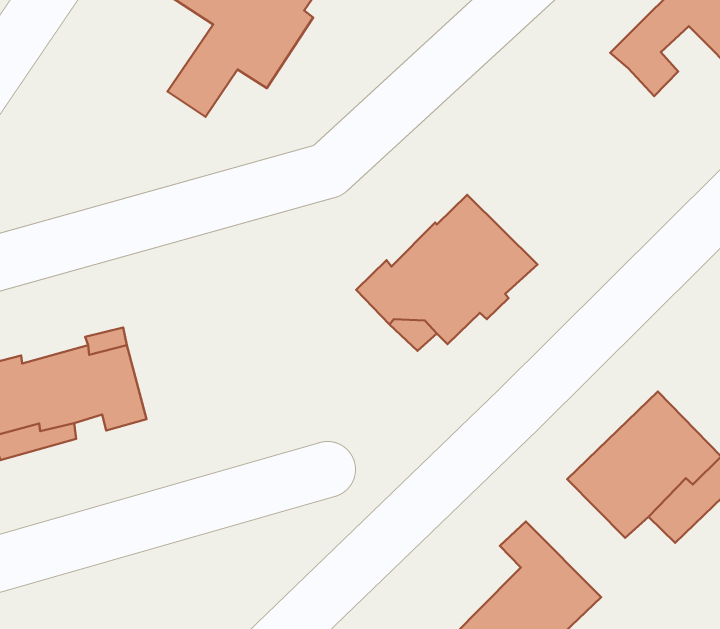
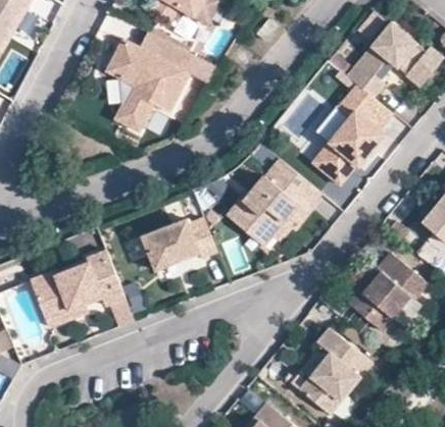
building: none -> [303,84,392,184]
building: none -> [141,217,217,271]

